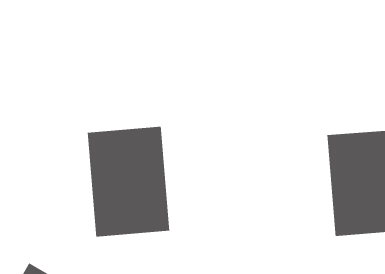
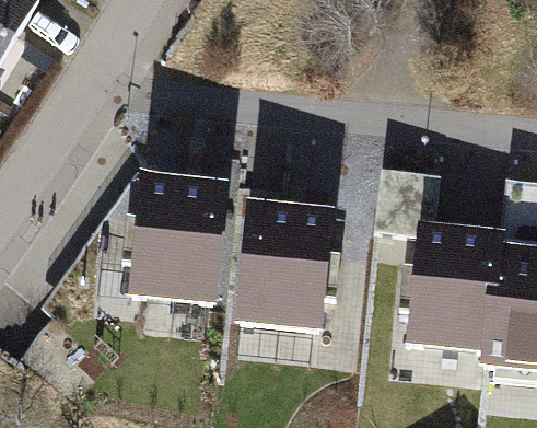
building: none -> [236,201,336,331]

